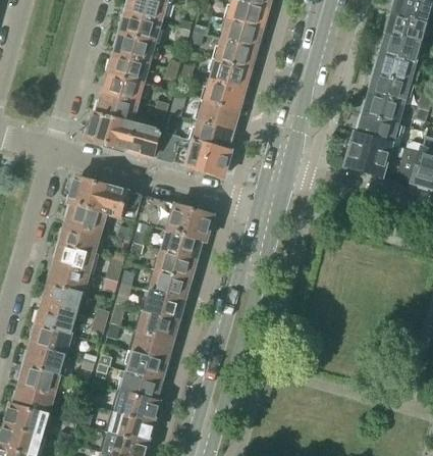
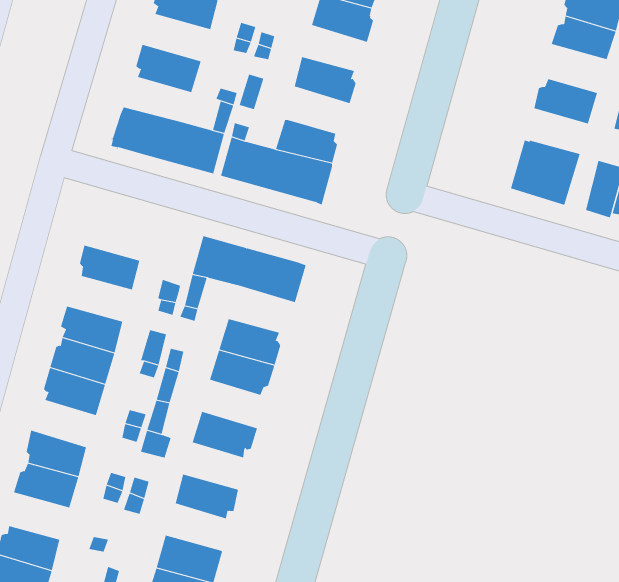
building: [106,53,151,84] -> none
building: [210,60,253,90] -> none
building: [368,72,409,104] -> none
building: [94,94,139,123] -> none
building: [201,100,241,131] -> none
building: [357,114,396,144] -> none
building: [68,176,142,221] -> none
building: [57,223,100,253] -> none
building: [162,230,206,260] -> none
building: [145,291,185,322] -> none
building: [34,304,76,335] -> none
building: [132,332,173,362] -> none
building: [18,364,59,395] -> none
building: [118,369,162,402] -> none

